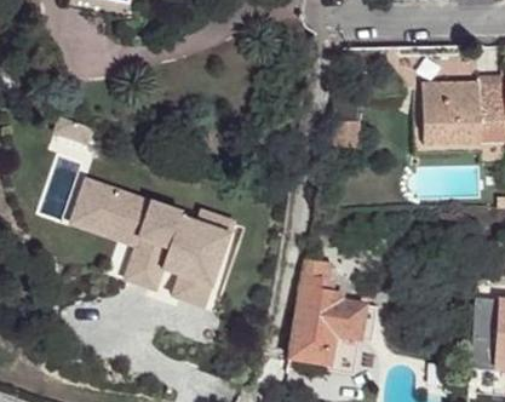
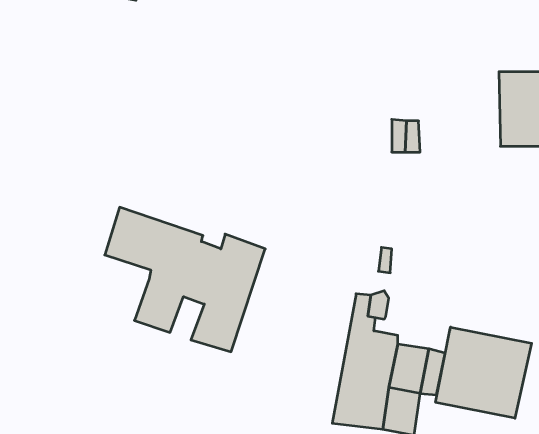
building: [69,179,138,247] -> none
building: none -> [436,327,532,418]

